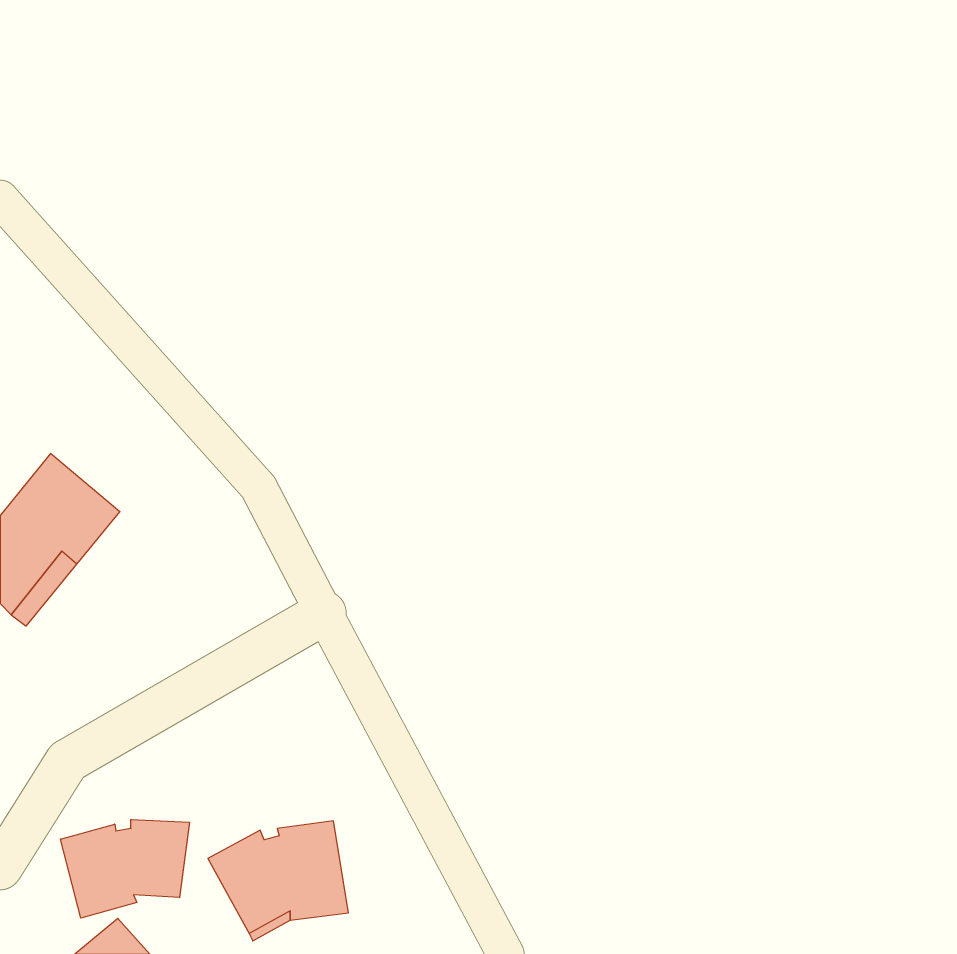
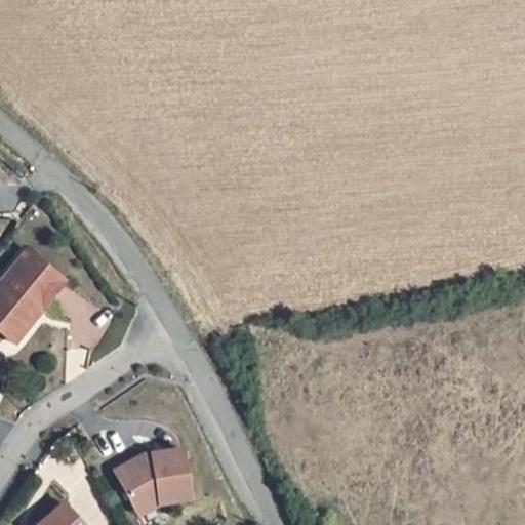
building: [60,819,189,918] -> none

